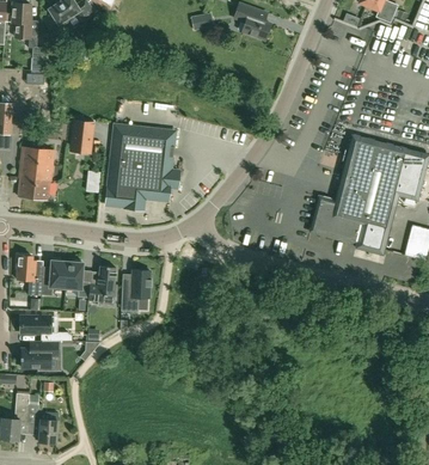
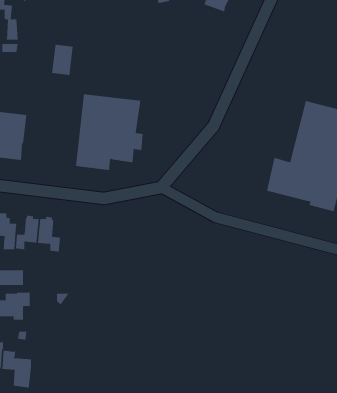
building: [71,121,94,154] -> [51,44,74,75]
building: [88,267,116,302] -> none
building: [121,270,151,312] -> none

